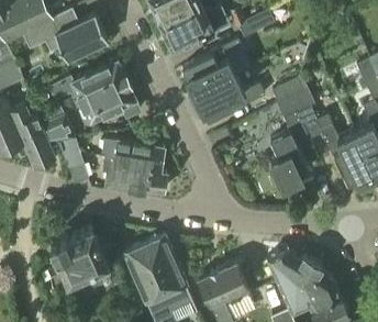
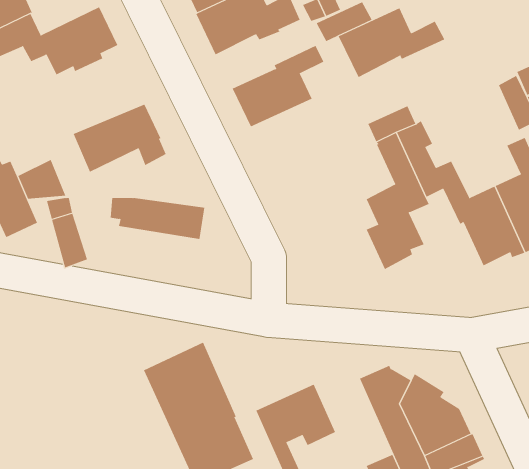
building: [49,59,125,99] -> none
building: [194,75,265,121] -> [338,8,445,78]
building: [103,158,167,192] -> none
building: [51,227,111,285] -> none

